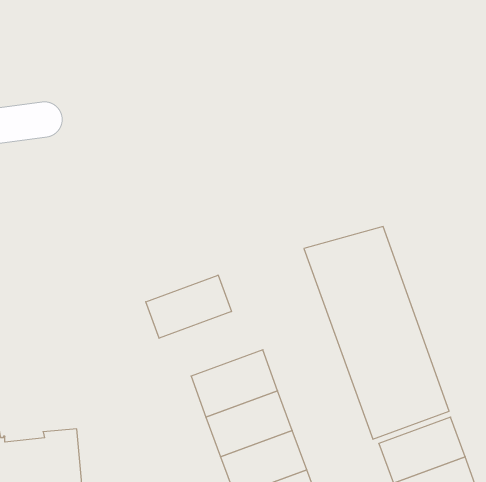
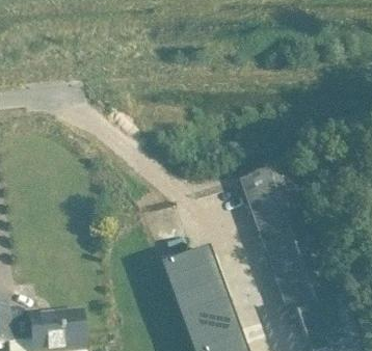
building: [146,275,231,338] -> none

